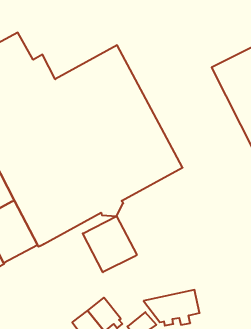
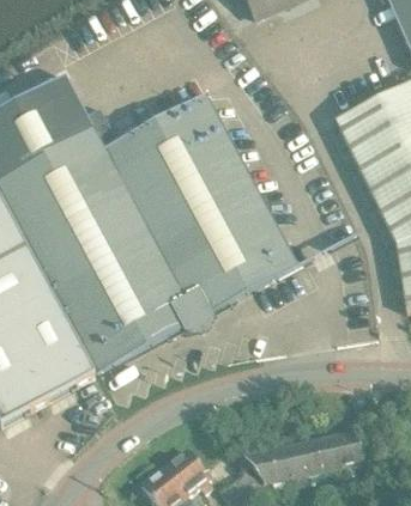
building: [83,216,137,272] -> none
building: none -> [315,427,367,476]

